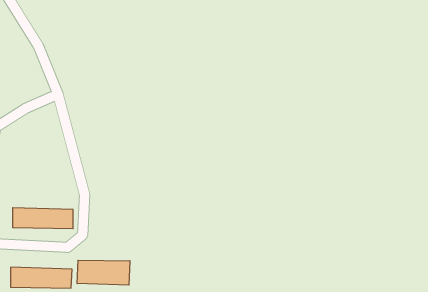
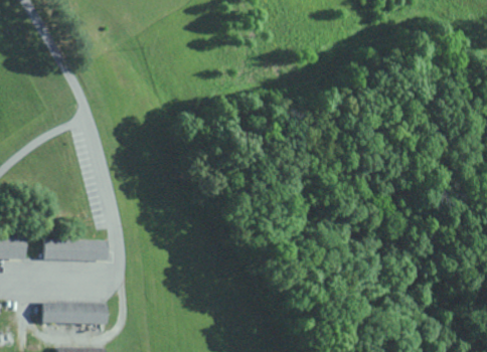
building: [77,260,130,285] -> none

